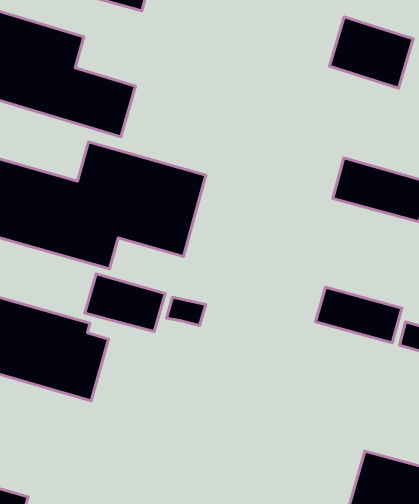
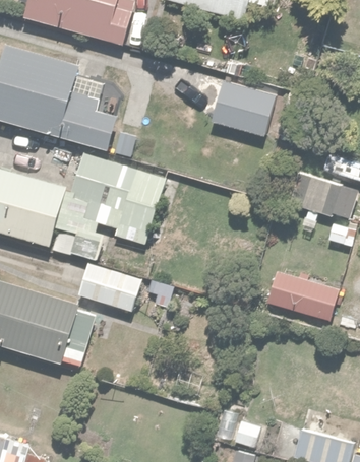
building: [329,17,413,88] -> [211,81,280,140]

